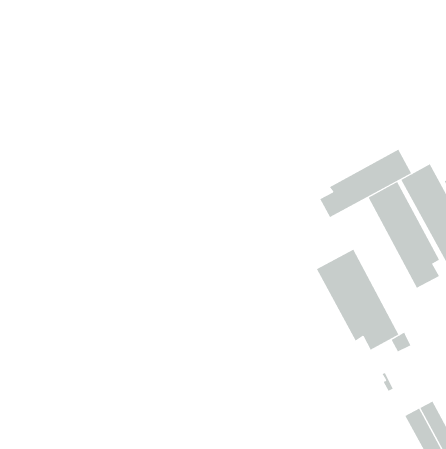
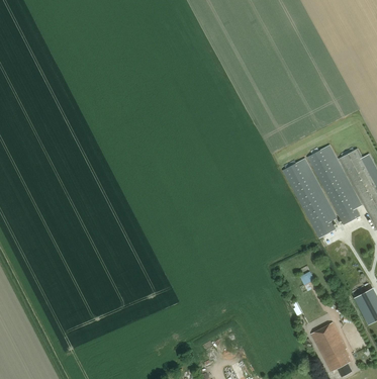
building: [319,149,412,218] -> none
building: [316,249,399,351] -> none

